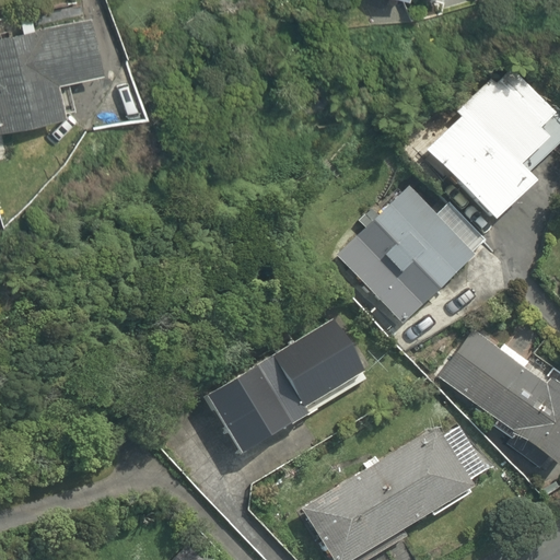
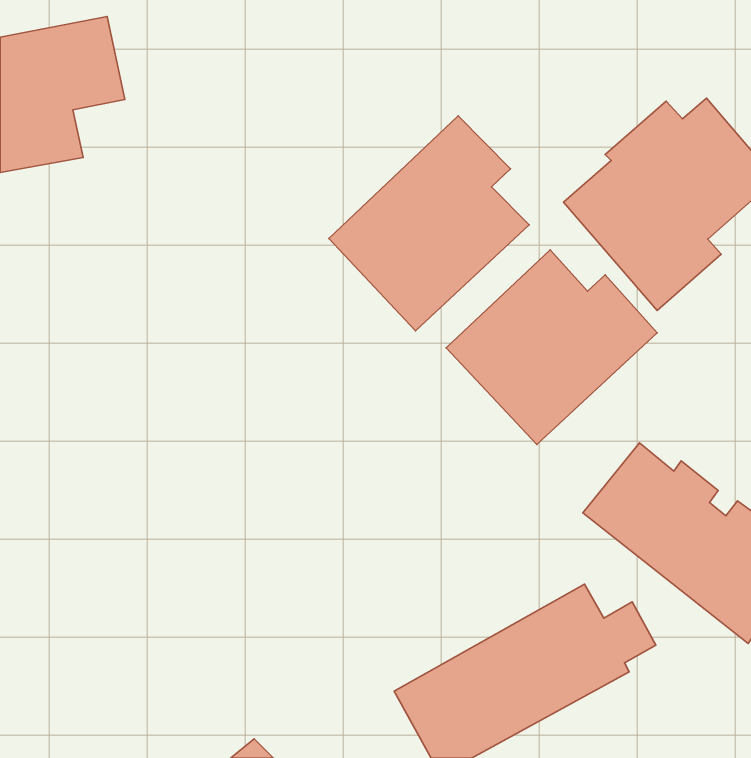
building: none -> [329,116,529,331]
building: [201,317,370,453] -> none

